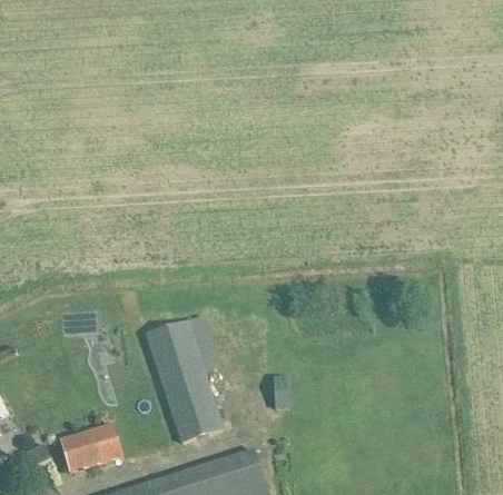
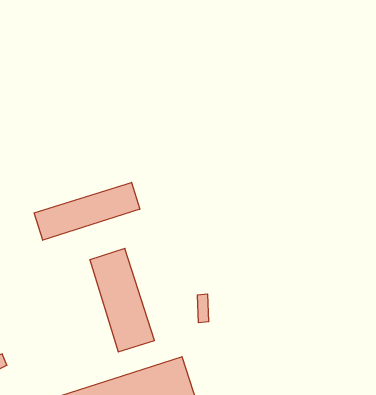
building: none -> [34,182,140,240]
building: [61,425,124,471] -> none

